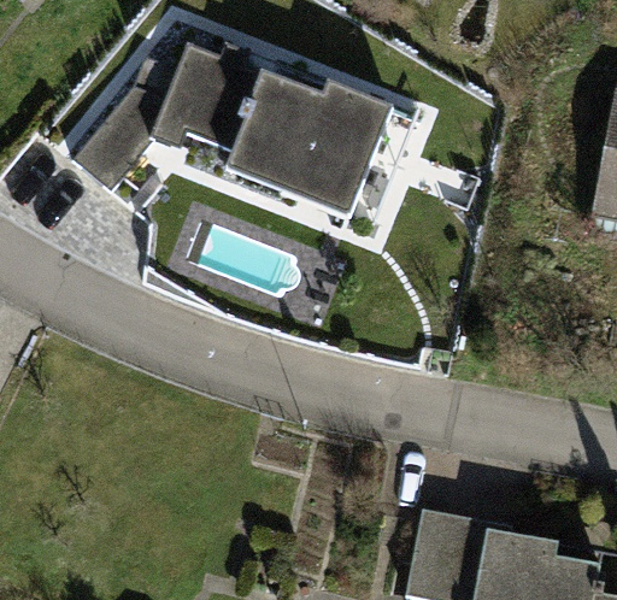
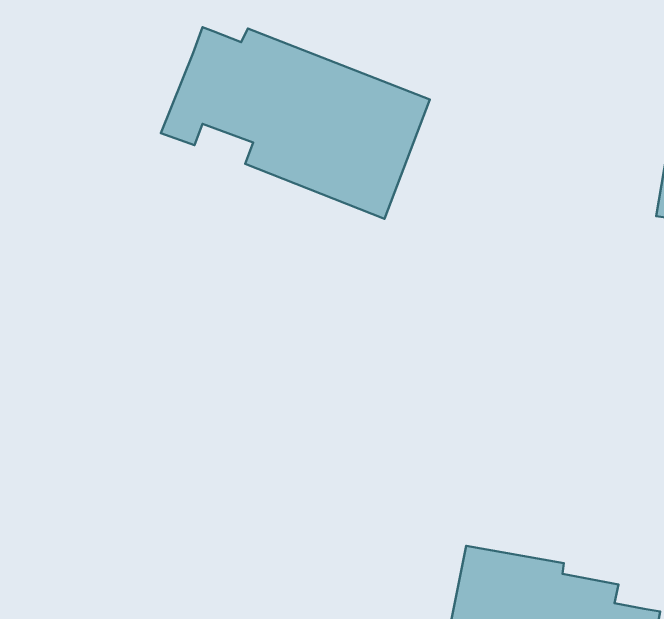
building: [72,54,177,189] -> none

